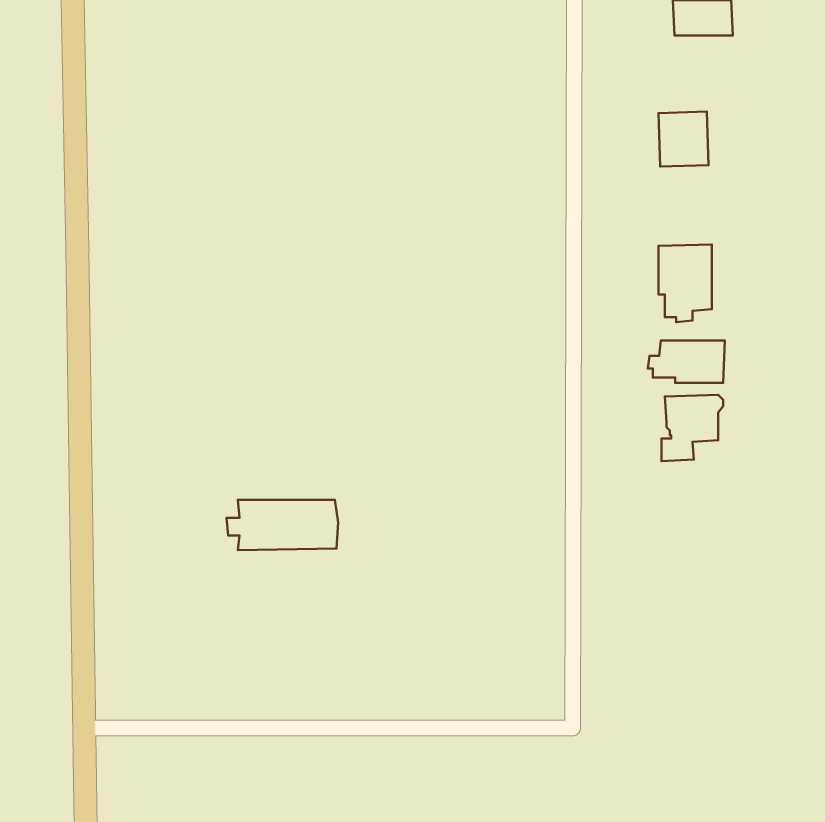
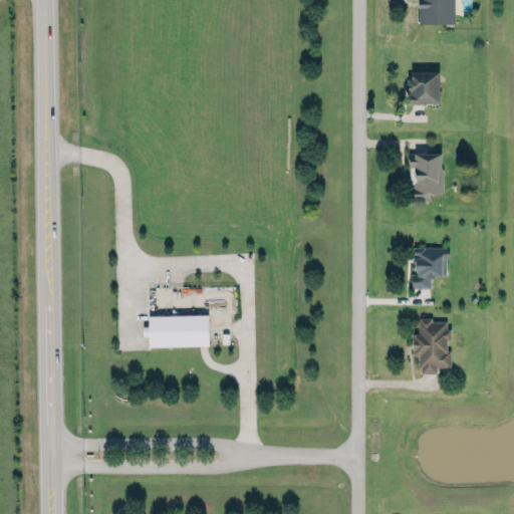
building: [648,340,725,383] -> none
building: none -> [414,321,450,374]

